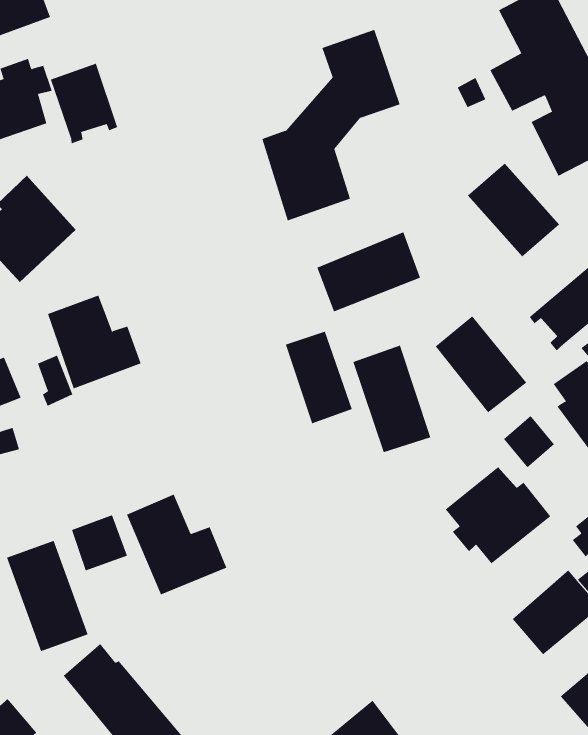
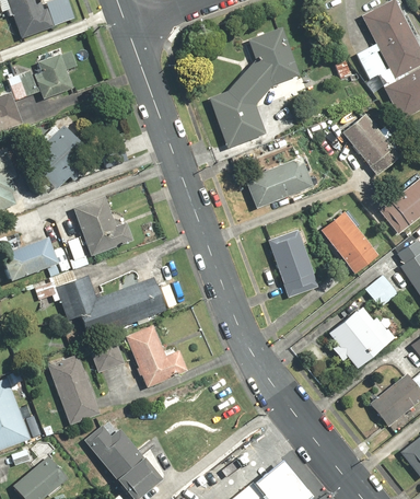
building: [50,63,118,144] -> none
building: [285,331,352,424] -> none
building: none -> [56,269,167,338]

